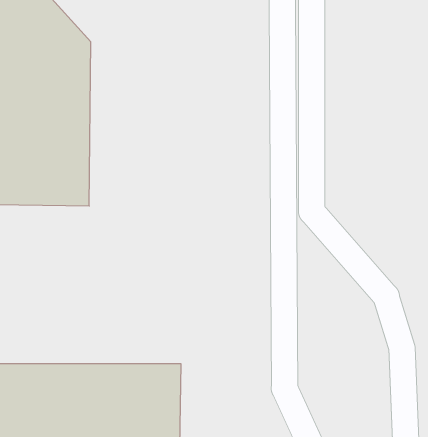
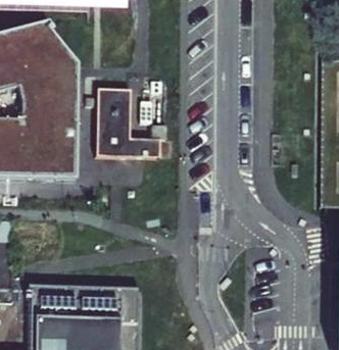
building: none -> [94,84,164,151]

